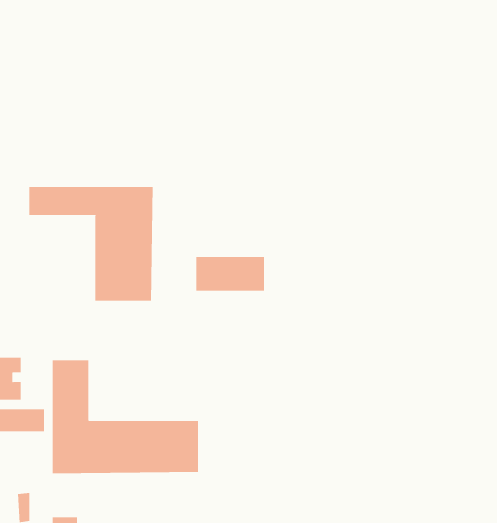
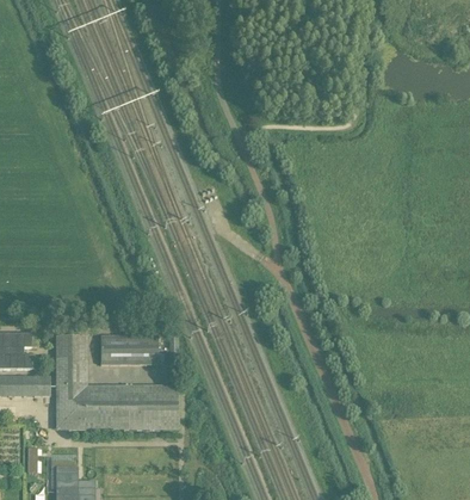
building: [29,186,153,302] -> none
building: [196,257,265,291] -> [99,334,156,363]

